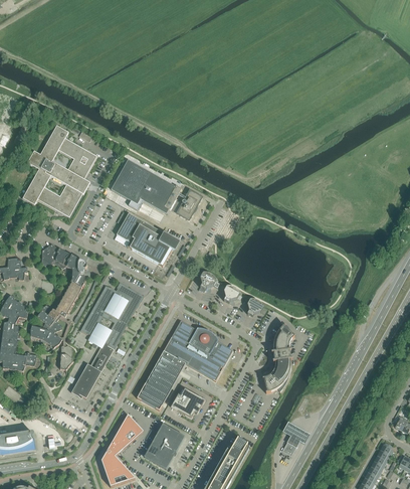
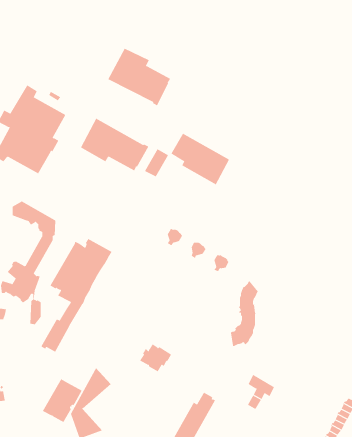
building: none -> [107,48,171,106]
building: [116,213,176,267] -> [171,133,230,185]
building: [136,320,232,411] -> none
building: [143,424,184,469] -> [42,379,83,423]

